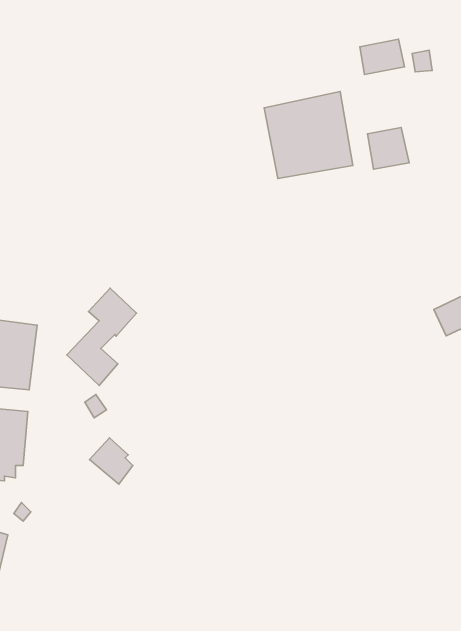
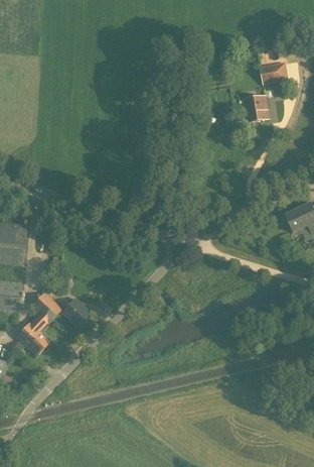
building: [360,39,405,75] -> [260,61,289,84]
building: [264,91,353,178] -> none
building: [67,288,136,386] -> [16,291,61,355]

